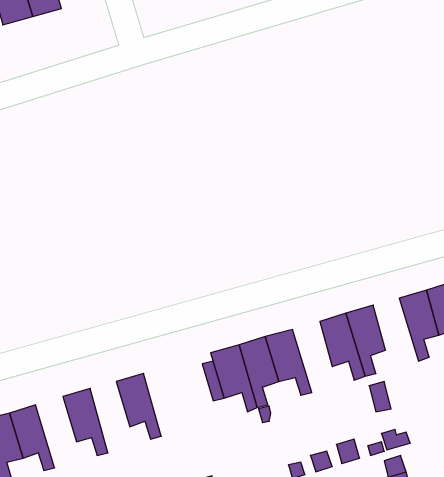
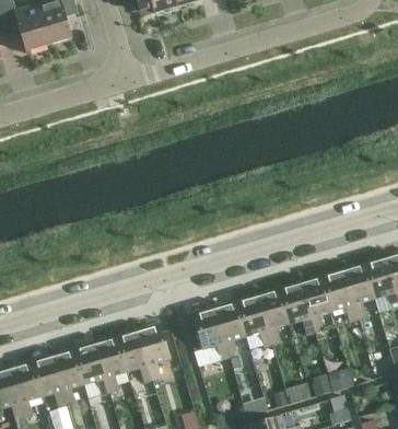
building: none -> [321,269,358,322]
building: none -> [257,288,289,345]
building: none -> [138,323,171,380]
building: none -> [95,336,127,393]
building: none -> [51,348,84,405]

